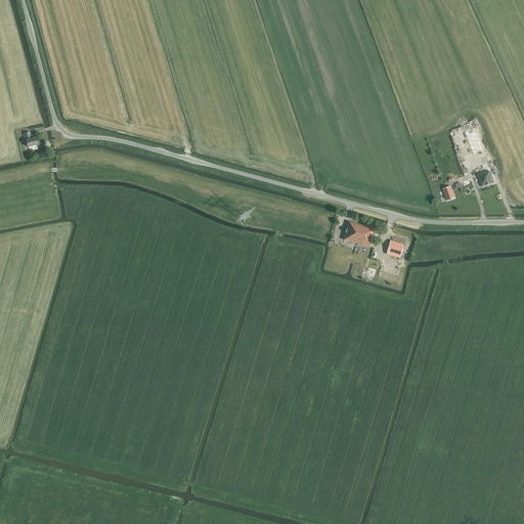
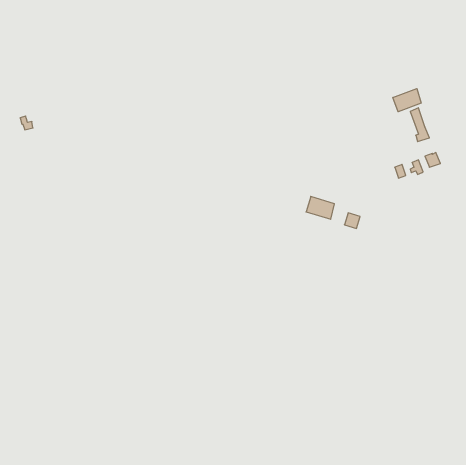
building: none -> [393,89,421,112]

